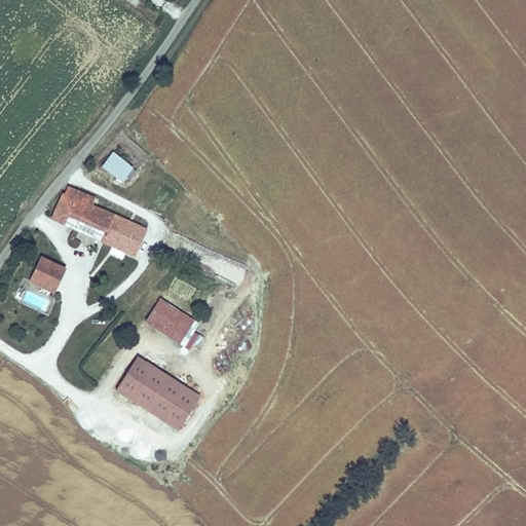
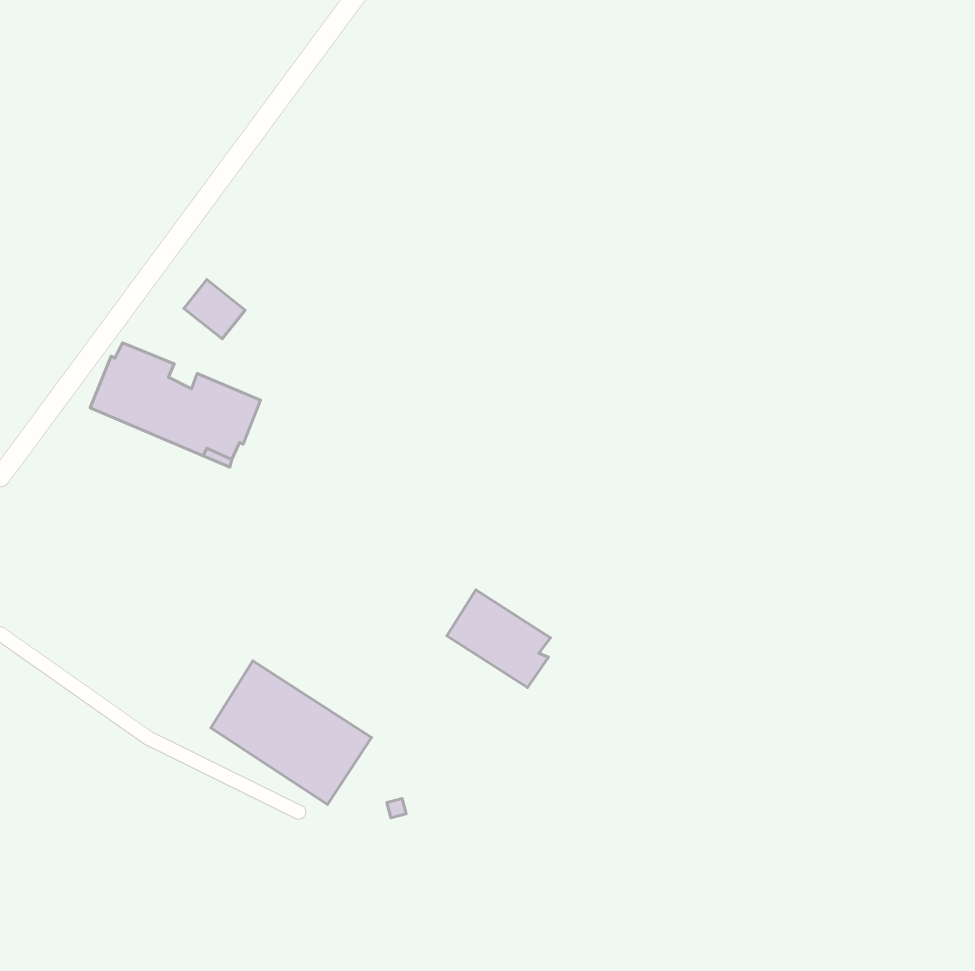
building: [28,256,66,295] -> none
building: [145,297,200,349] -> [447,590,550,688]

